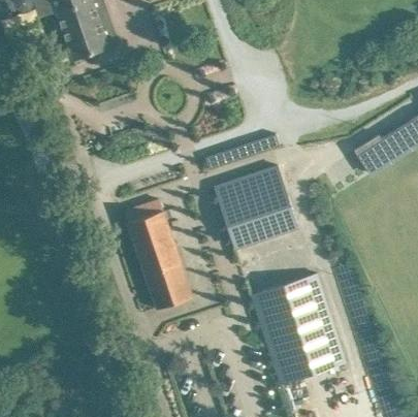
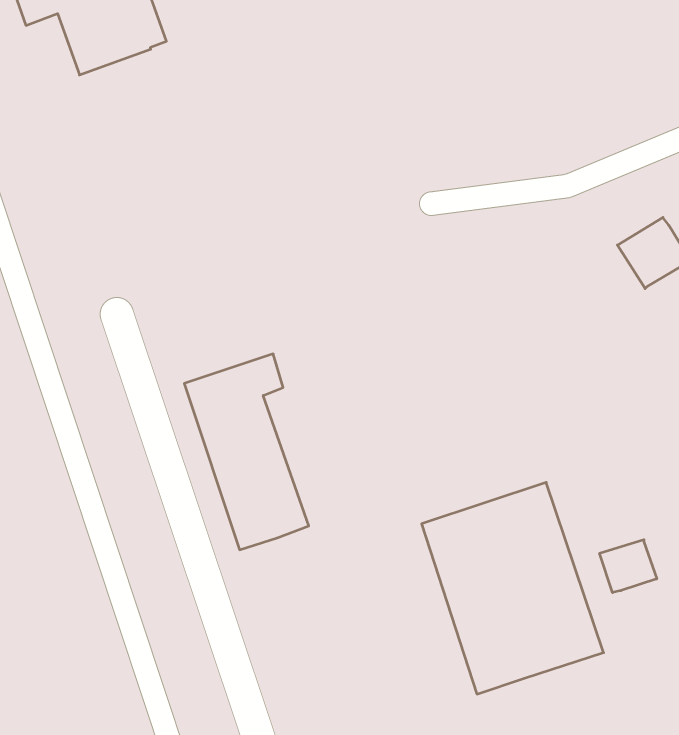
building: [215,165,296,245] -> none
building: none -> [600,540,657,593]

